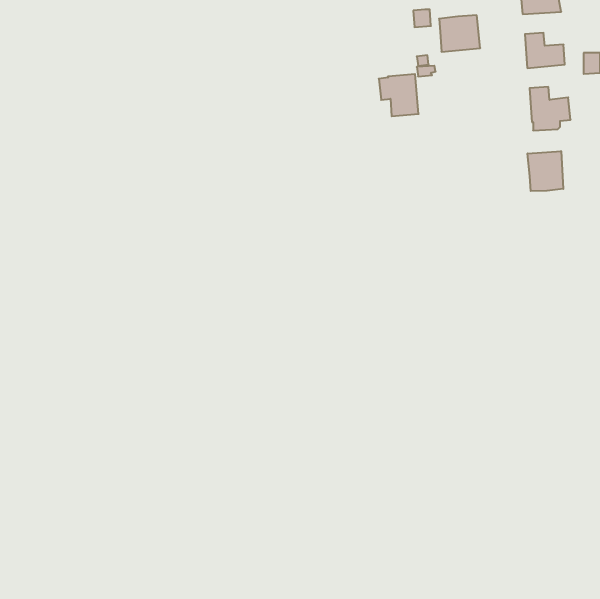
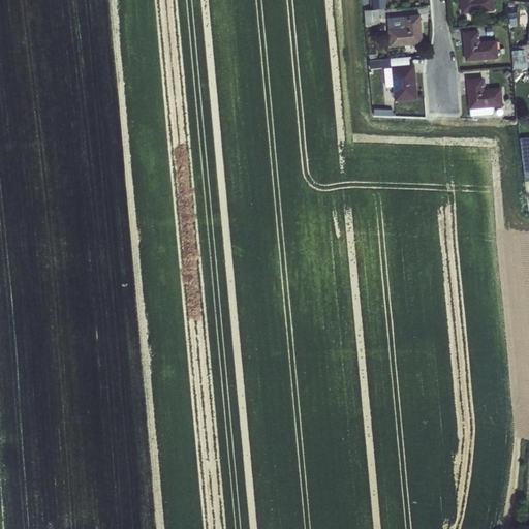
building: [379,74,419,116] -> [382,63,417,100]
building: [528,151,563,191] -> none

